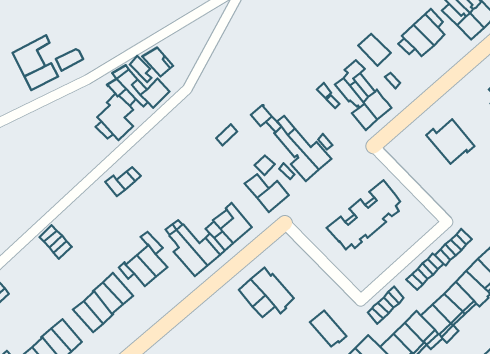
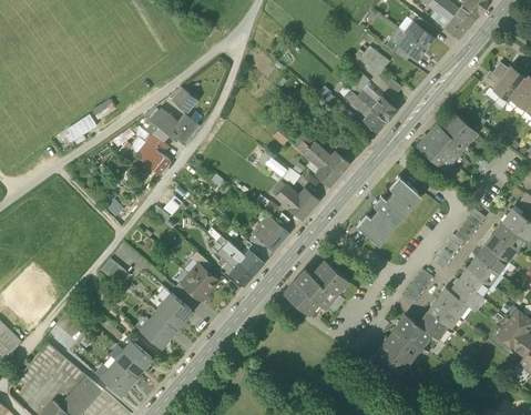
building: [12,35,49,76] -> none
building: none -> [418,130,457,171]
building: [310,310,346,346] -> [313,261,347,292]

